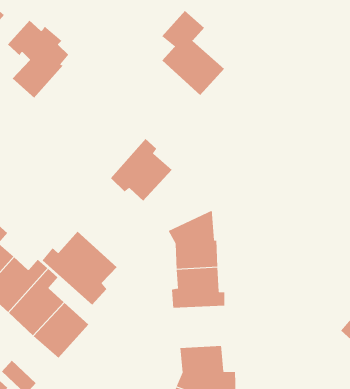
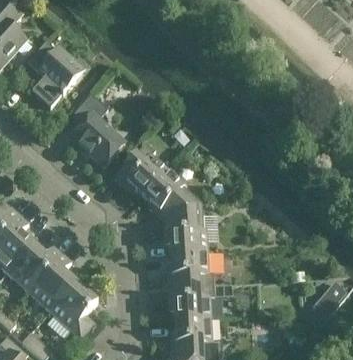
building: [161,10,225,96] -> [70,94,124,167]
building: none -> [142,169,201,221]
building: [42,231,117,305] -> none
building: none -> [167,285,213,321]

